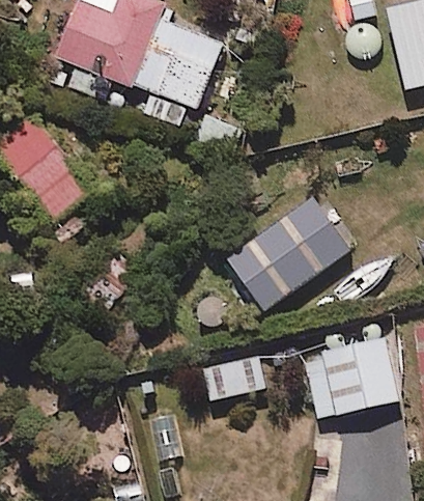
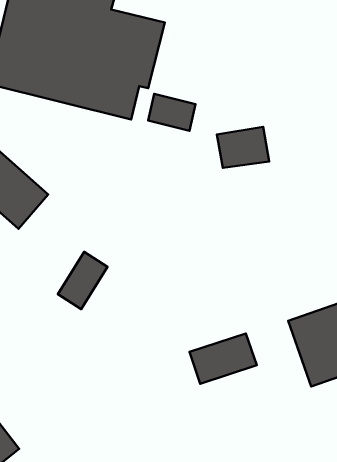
building: [226,194,354,310] -> none

